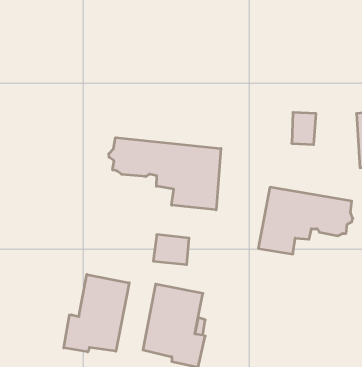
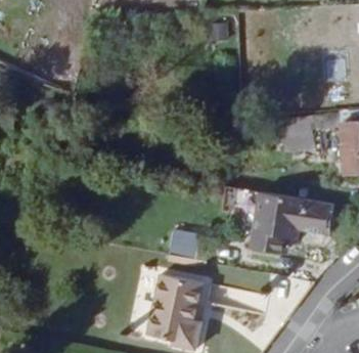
building: [109,138,221,210] -> none
building: [64,274,129,352] -> none

